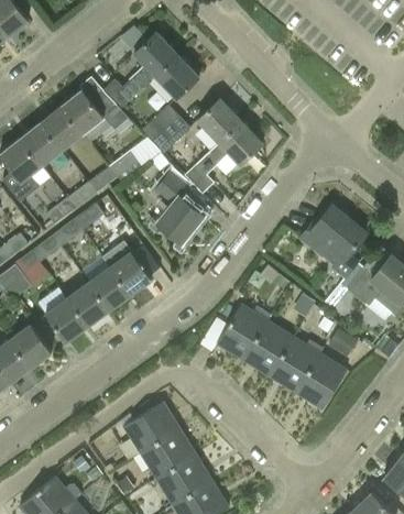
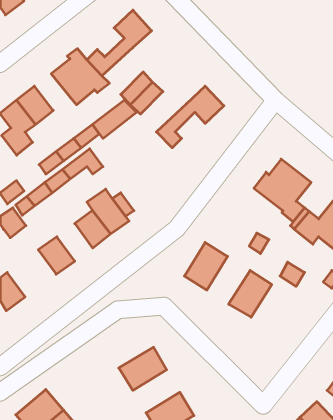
building: [156,55,199,98] -> none
building: [198,98,241,141] -> none
building: [41,106,83,149] -> none
building: [155,172,205,242] -> none
building: [67,282,109,326] -> none
building: [243,320,294,376] -> none
building: [9,324,52,368] -> none
building: [295,353,346,408] -> none
building: [123,401,181,451] -> none
building: [156,453,211,504] -> none

